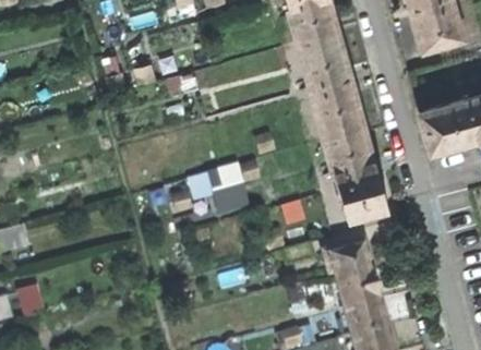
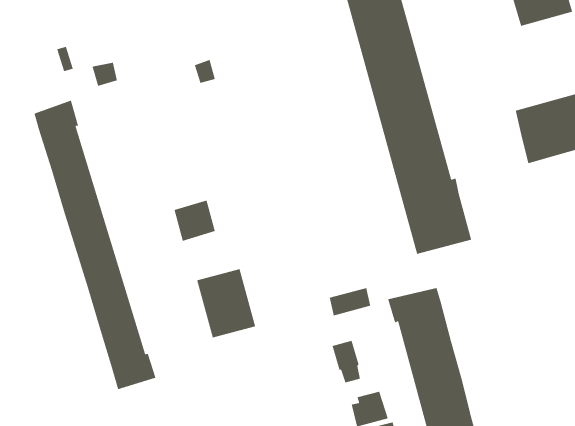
building: none -> [33,100,156,390]
building: [207,159,252,212] -> [196,268,256,338]

